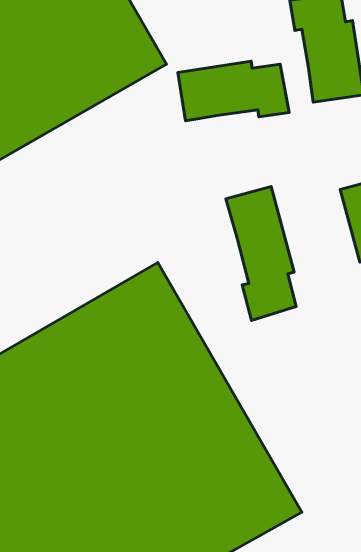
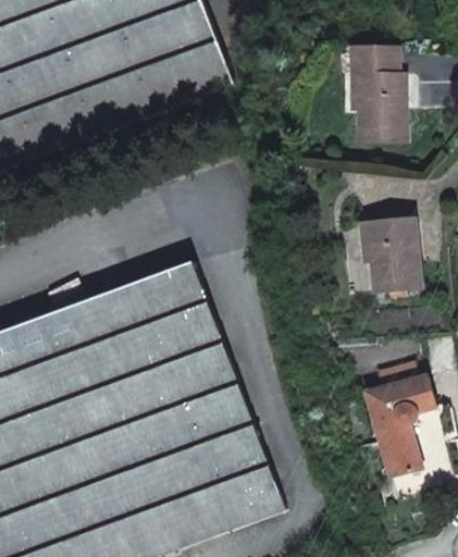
building: [178,61,289,121] -> none
building: [226,186,296,320] -> none

